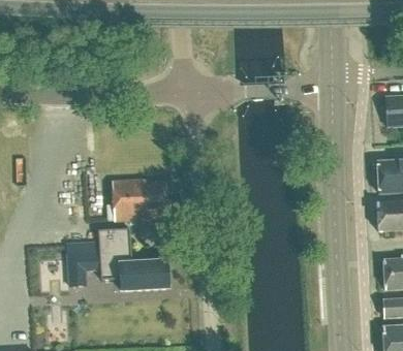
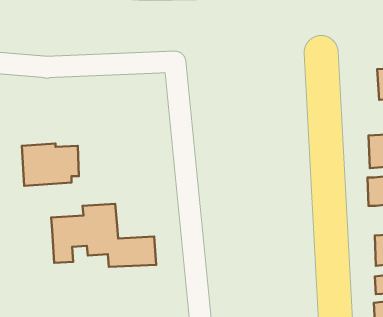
building: [112,179,167,220] -> [22,144,79,186]

